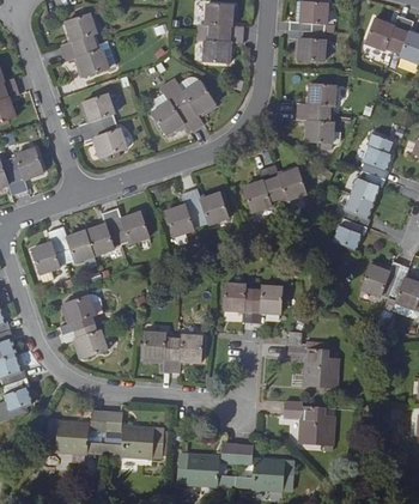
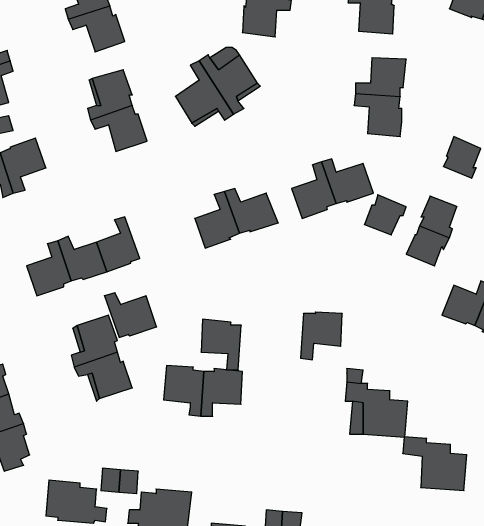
building: [353,169,387,201] -> [364,195,406,235]
building: [108,207,150,243] -> [104,293,157,337]
building: [219,283,251,323] -> [201,319,241,370]
building: [281,401,333,444] -> [403,437,467,491]

